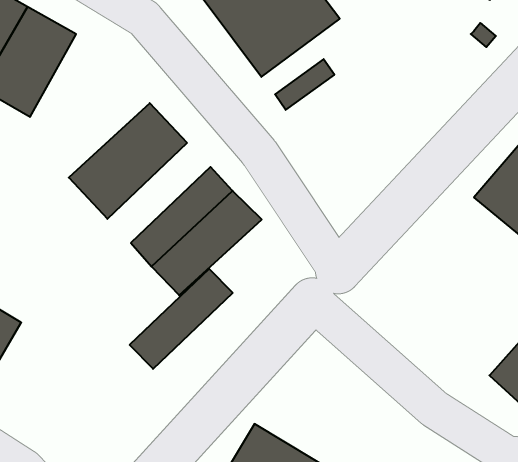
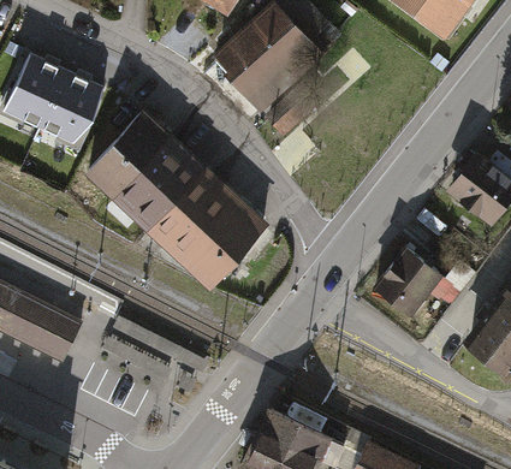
building: none -> [85,113,176,204]
building: none -> [373,248,442,317]
building: [130,269,233,369] -> [148,170,228,254]

